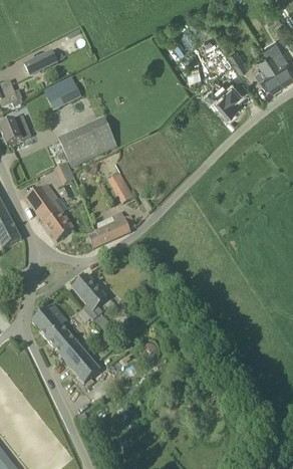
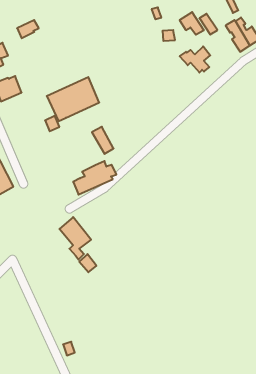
building: [44,75,80,109] -> none
building: [25,187,72,241] -> none
building: [32,307,100,384] -> none

